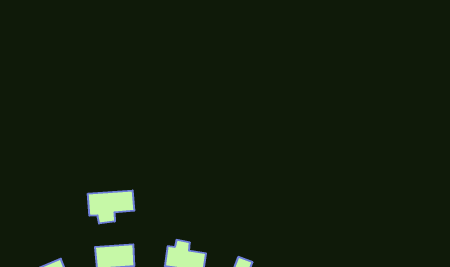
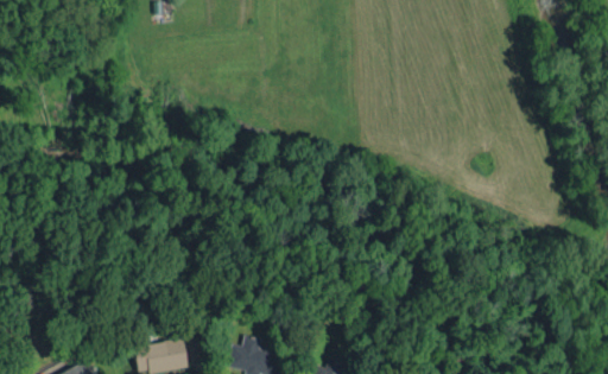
building: [88,190,134,224] -> none

